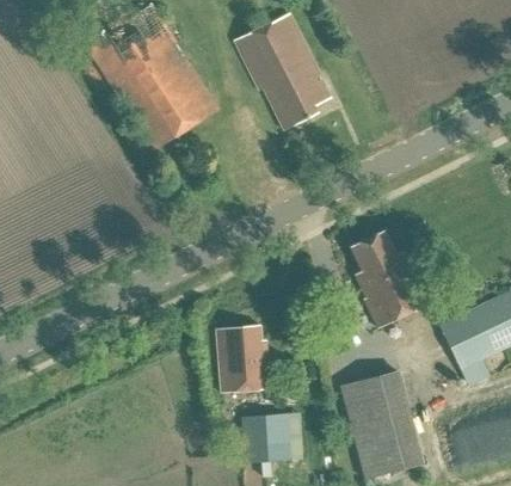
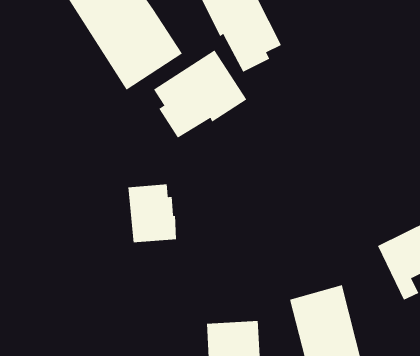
building: none -> [153,49,247,138]
building: [347,233,426,331] -> none
building: [214,324,270,390] -> [127,184,177,243]

